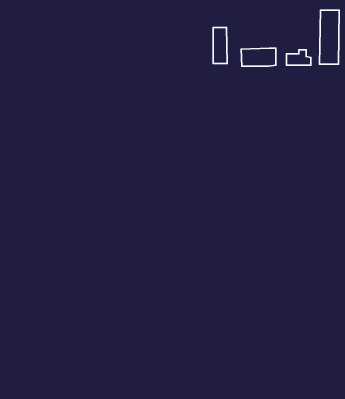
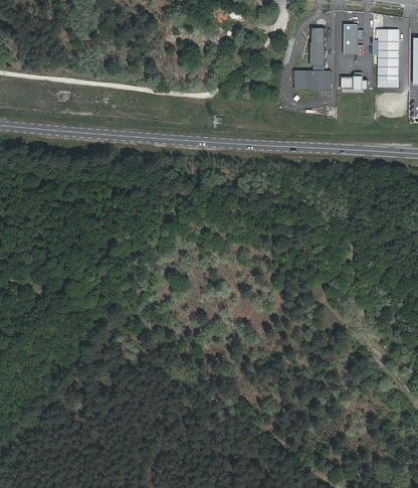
building: none -> [343,23,363,53]
building: [213,28,227,63] -> [309,26,325,64]

